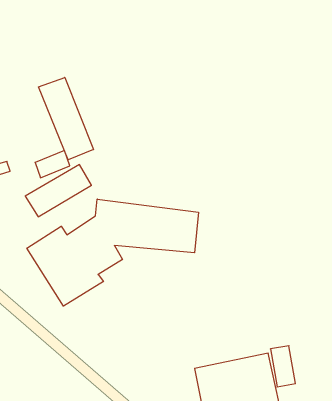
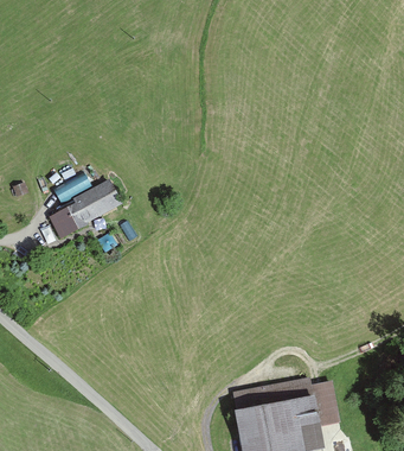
building: [38,77,93,160] -> none
building: [27,199,198,306] -> none

